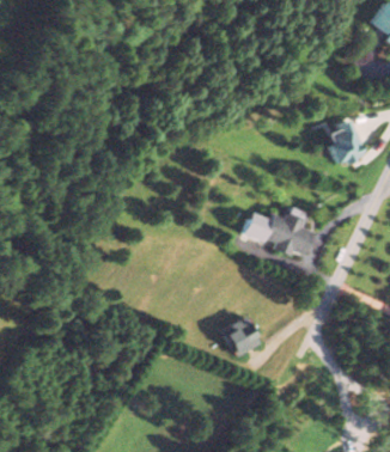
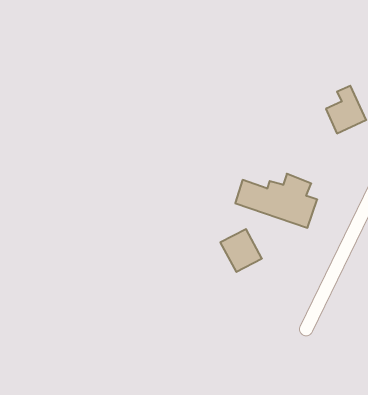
building: [224,316,264,358] -> [220,229,262,272]

